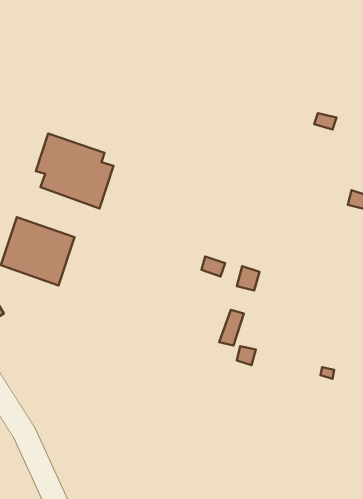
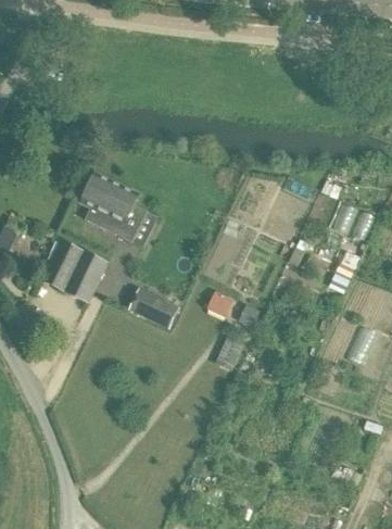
building: none -> [127,287,178,328]

